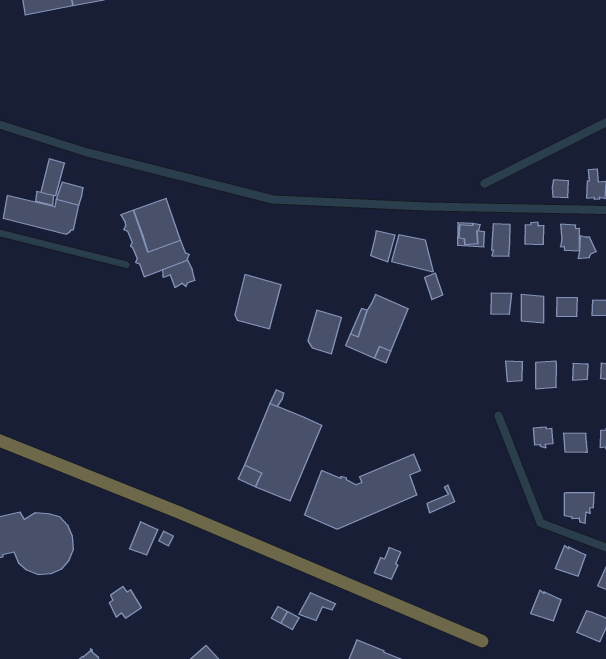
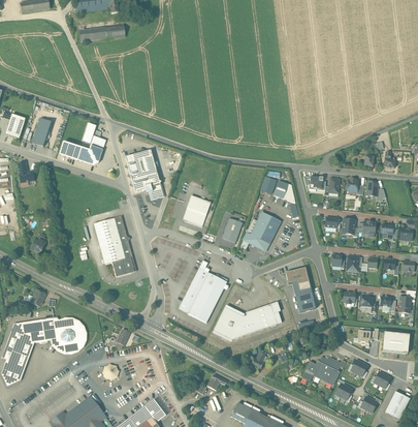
building: none -> [94,215,137,276]
building: none -> [285,268,316,312]
building: none -> [312,357,341,385]

